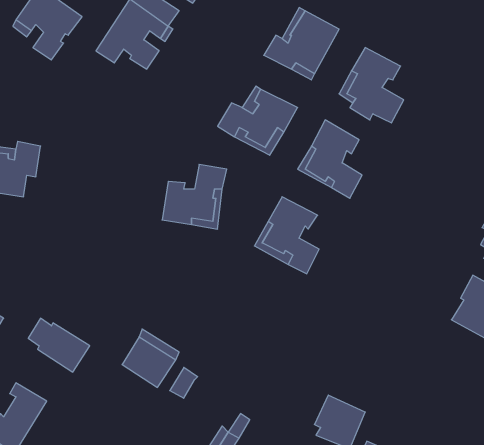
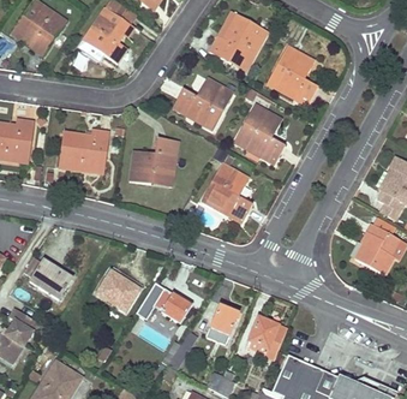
building: none -> [58,130,109,172]
building: none -> [154,291,191,321]
building: none -> [207,306,238,344]

